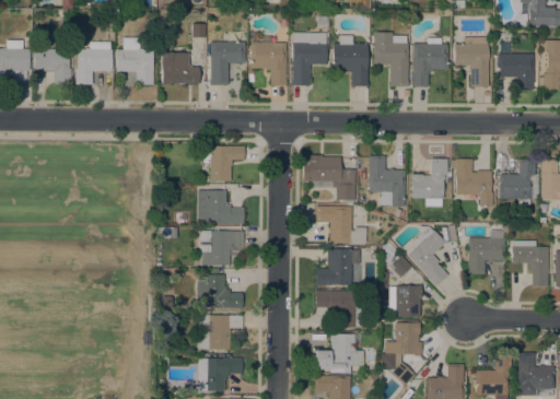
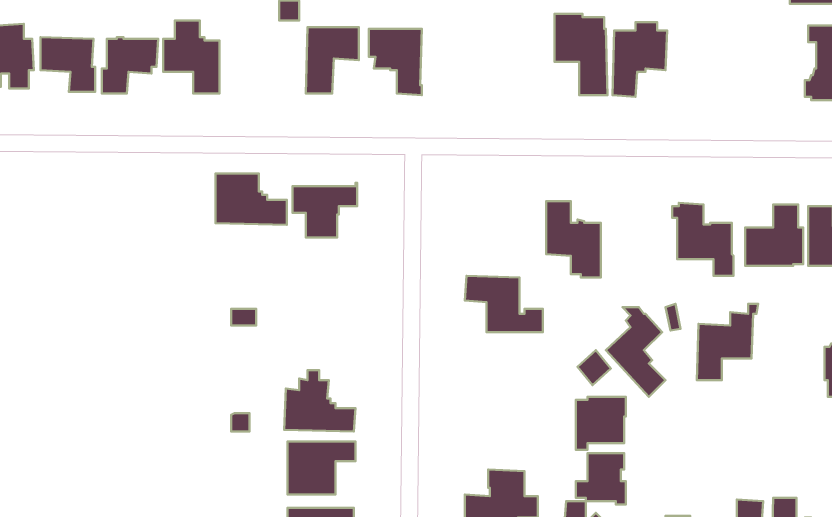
building: [291,33,327,85] -> none
building: [455,37,489,86] -> none
building: [332,43,369,86] -> none
building: [162,52,199,85] -> none
building: [498,54,534,90] -> none
building: [303,155,355,200] -> none
building: [410,159,447,207] -> none
building: [197,190,244,224] -> [216,173,287,225]
building: [201,231,244,266] -> none
building: [512,240,548,286] -> none
building: [315,249,360,285] -> none
building: [315,291,362,327] -> none

